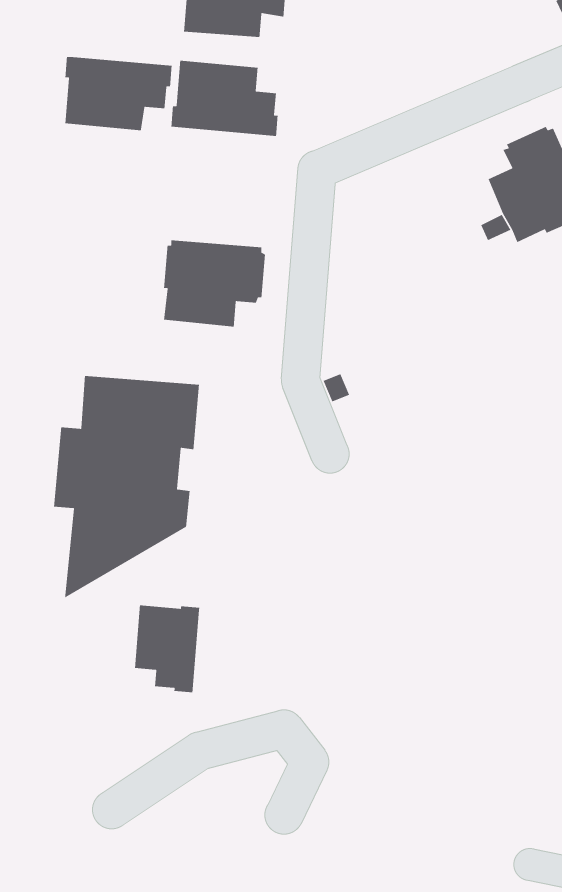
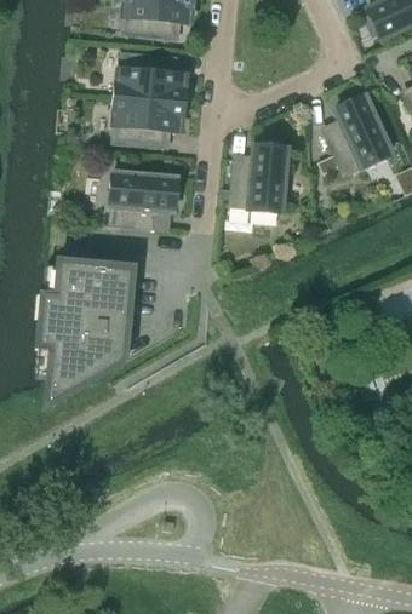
building: [64,56,173,131] -> [113,97,184,147]
building: none -> [229,144,288,212]
building: [134,605,200,693] -> none

